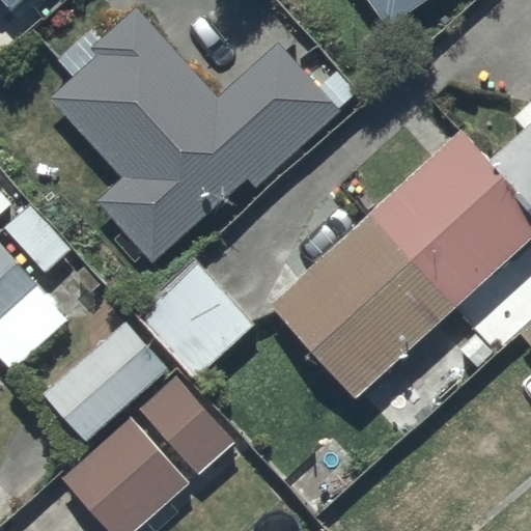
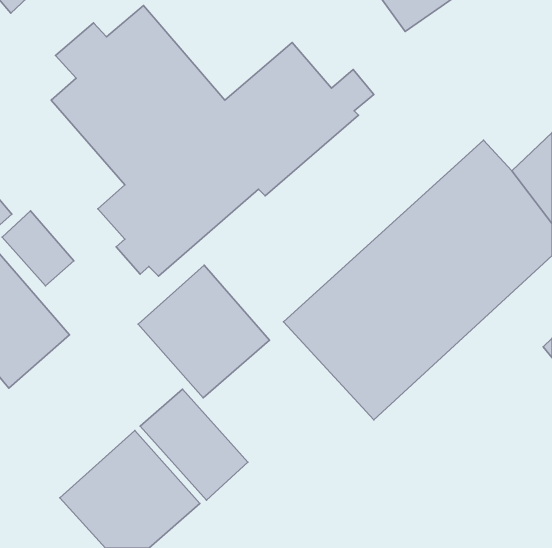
building: [43,320,170,444] -> none

